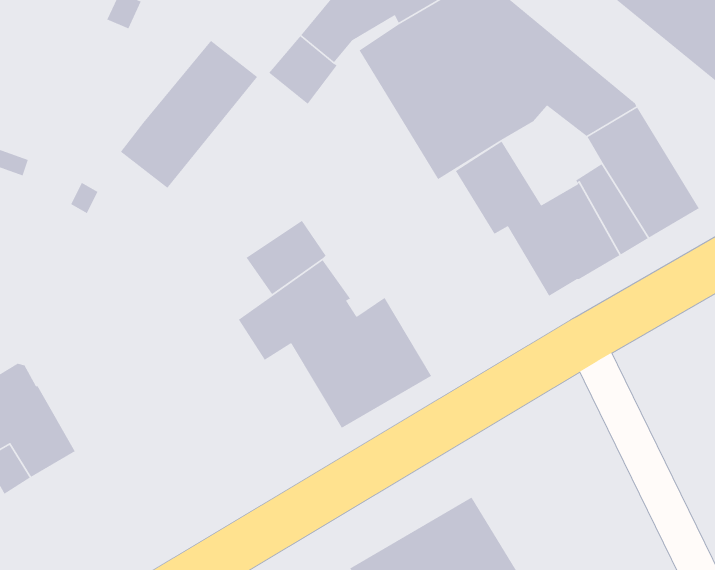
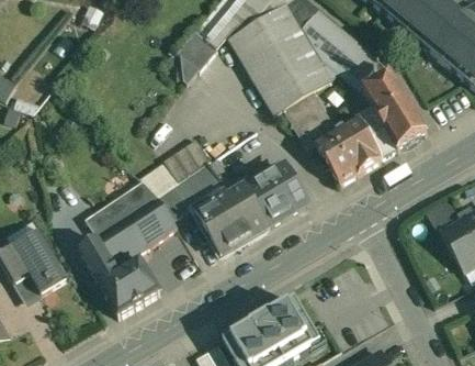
building: [120,40,258,189] -> none
building: none -> [244,159,310,229]
building: none -> [70,179,177,314]

